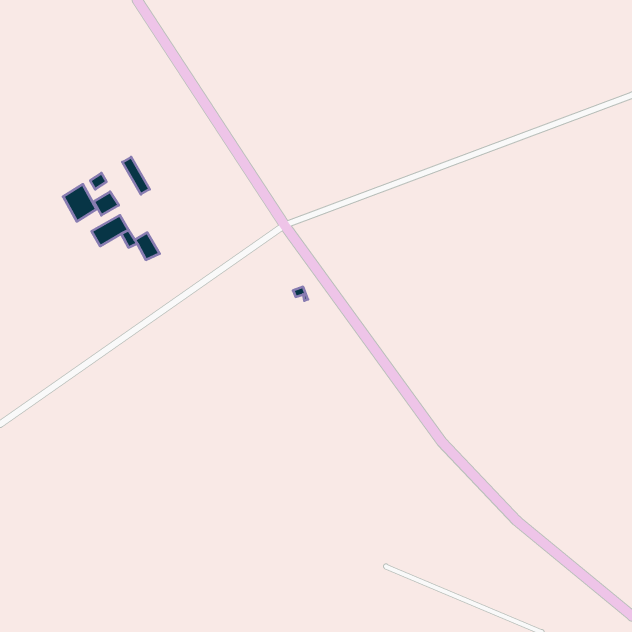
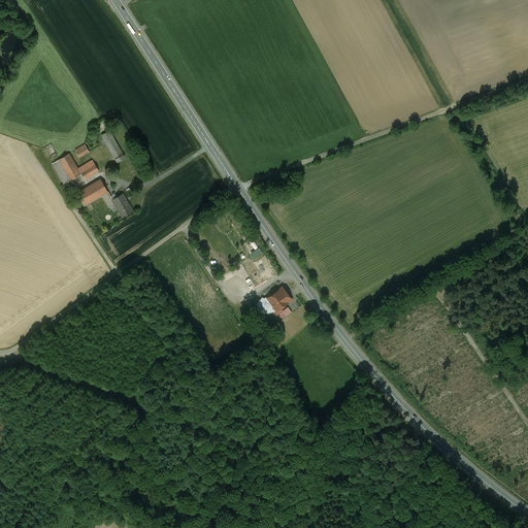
building: none -> [256,287,292,318]

